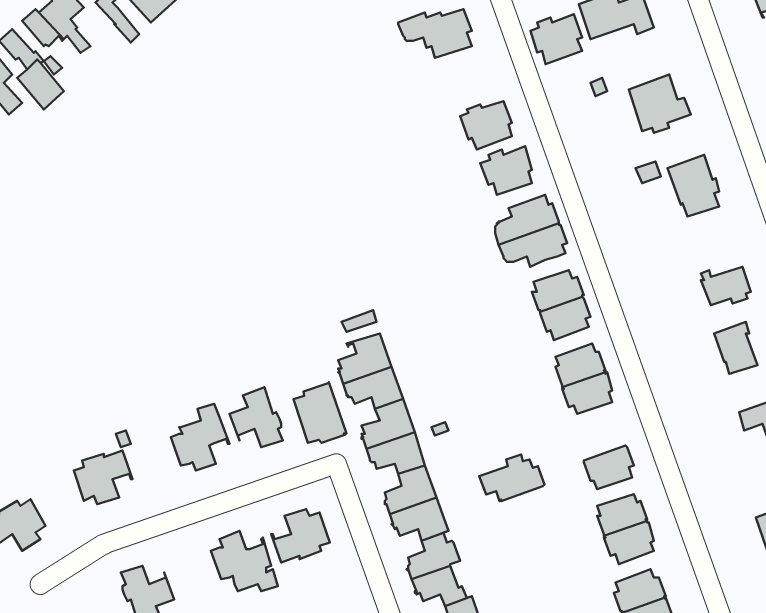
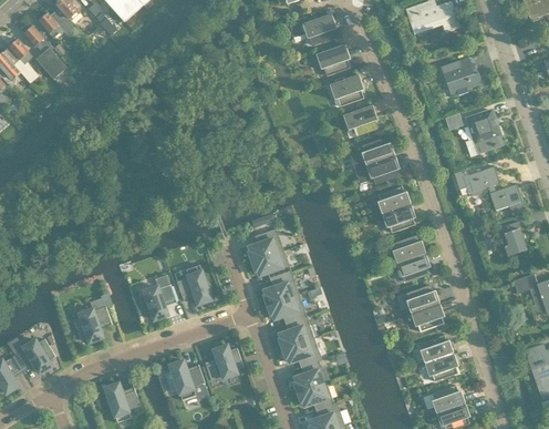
building: [530,14,582,64] -> [315,43,350,76]
building: none -> [453,165,499,195]
building: [293,382,347,443] -> none
building: [479,454,545,501] -> [396,282,439,313]

